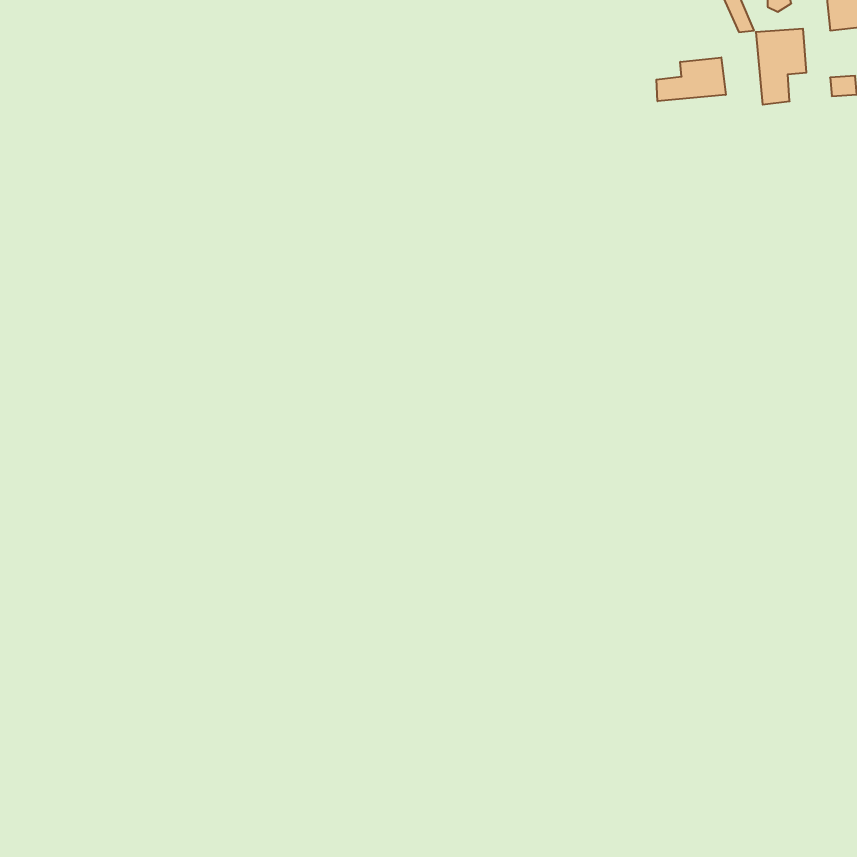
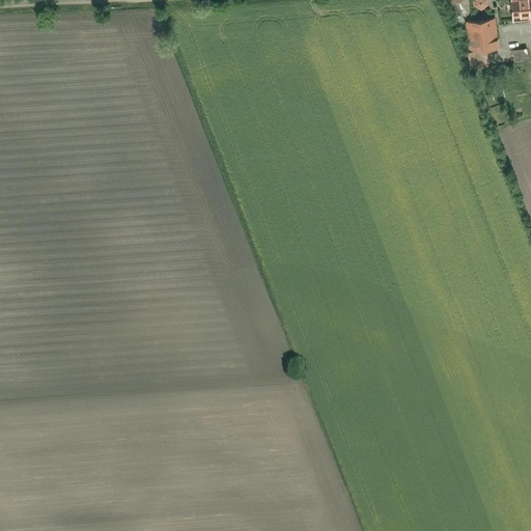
building: [656,57,726,101] -> none

